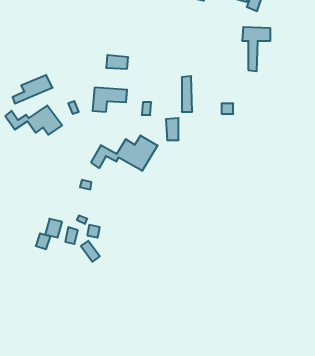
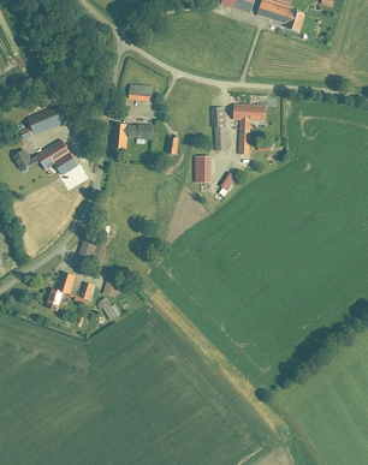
building: [242,27,270,71] -> [232,103,265,154]
building: [91,135,158,171] -> none

